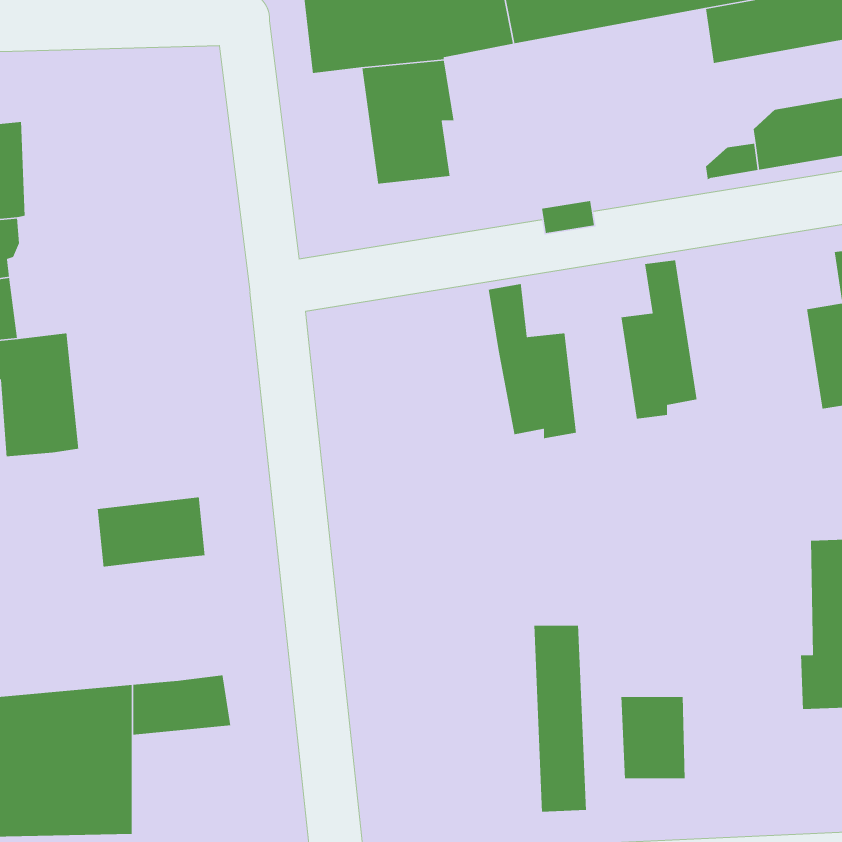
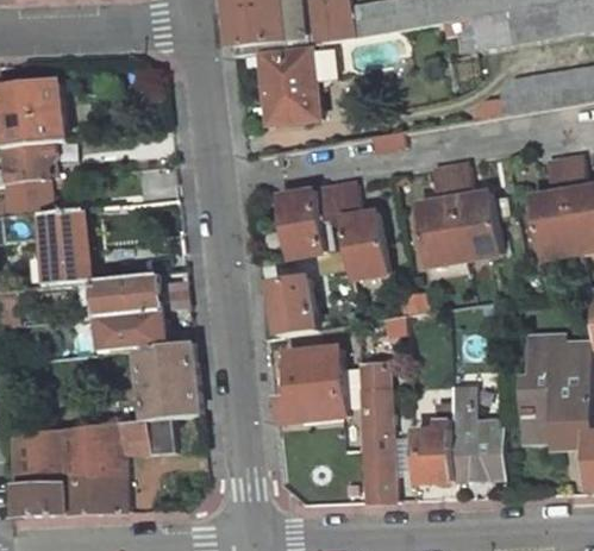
building: none -> [449,163,500,256]
building: none -> [280,184,342,255]
building: none -> [74,270,186,319]
building: none -> [265,278,311,334]
building: none -> [142,343,198,420]
building: none -> [276,346,345,420]
building: none -> [452,388,505,480]

